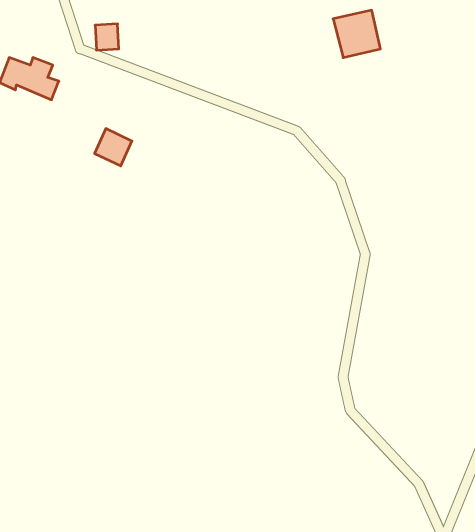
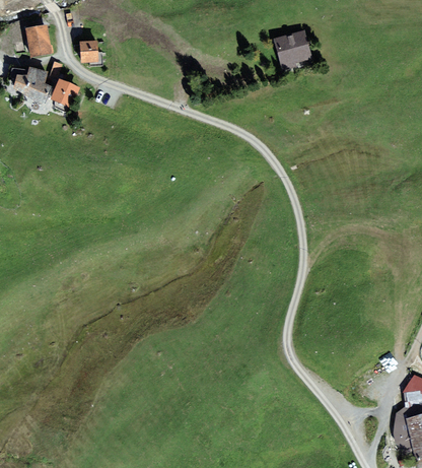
building: none -> [26,25,52,58]
building: [95,129,132,166] -> [52,78,82,109]

